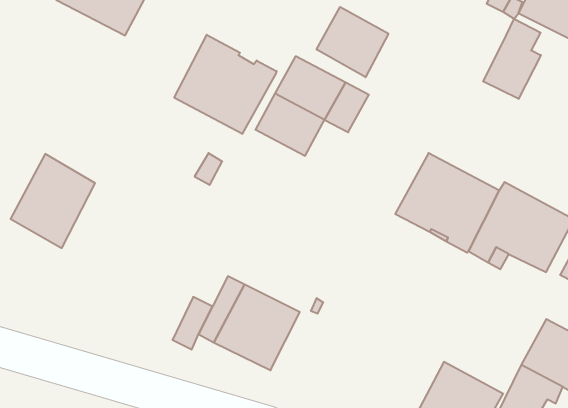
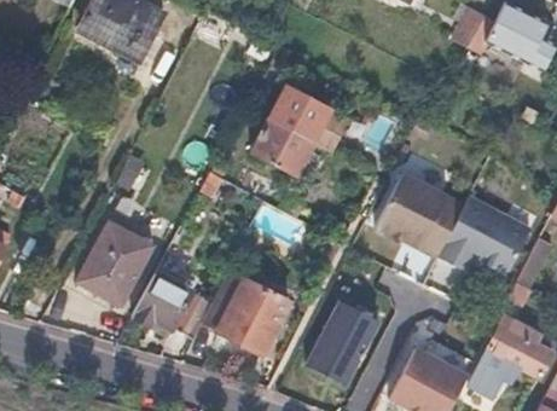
building: [317,7,388,77] -> none
building: [483,19,541,99] -> none
building: [174,35,277,134] -> none
building: [11,154,95,248] -> [79,220,152,302]
building: none -> [137,274,196,332]
building: none -> [309,299,382,383]

